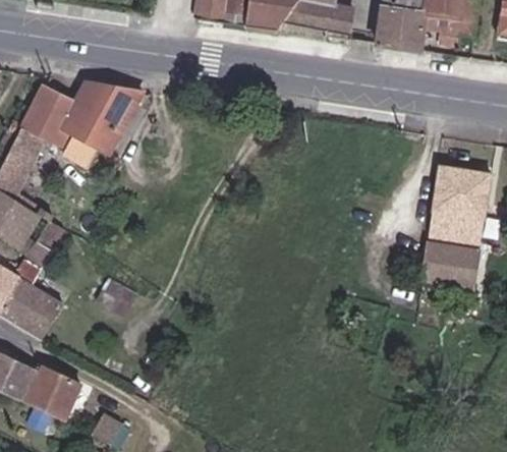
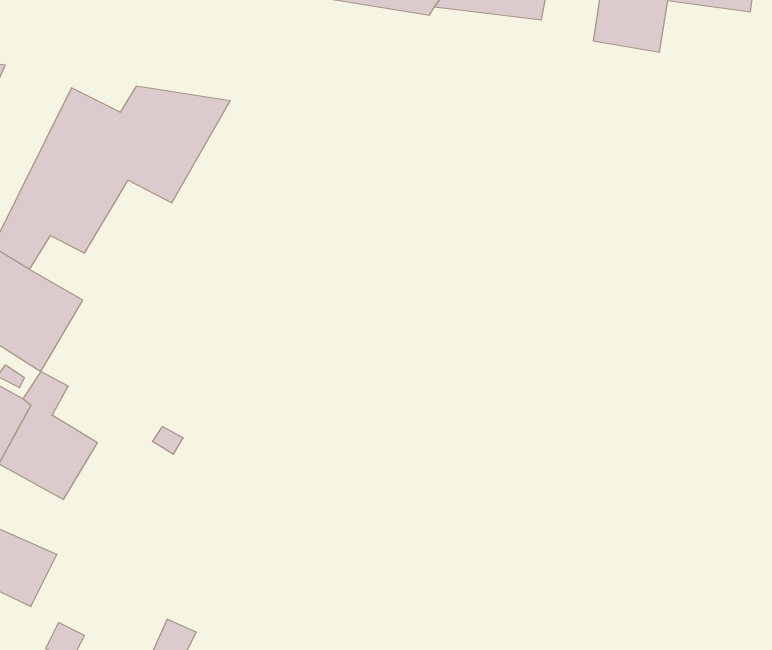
building: [409,160,480,291] -> none
building: [22,362,83,422] -> none

